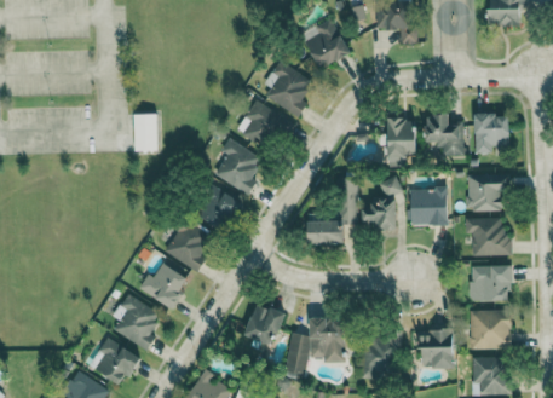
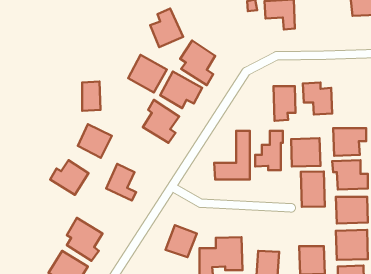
building: [306,18,350,69] -> [150,9,183,47]
building: none -> [128,55,167,93]
building: [474,115,509,154] -> none
building: [196,185,241,230] -> [78,124,112,158]
building: none -> [301,172,325,207]
building: [139,264,190,310] -> [50,160,89,195]

